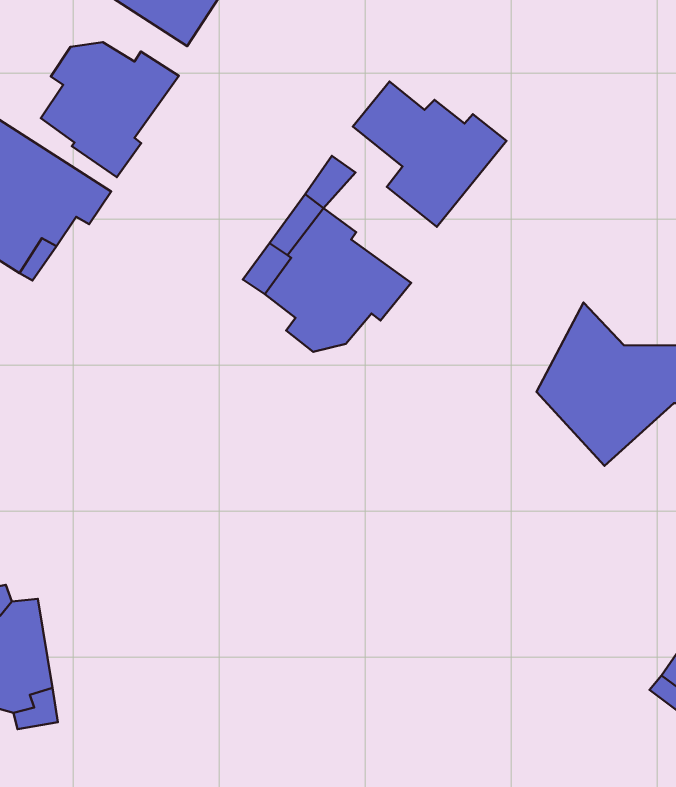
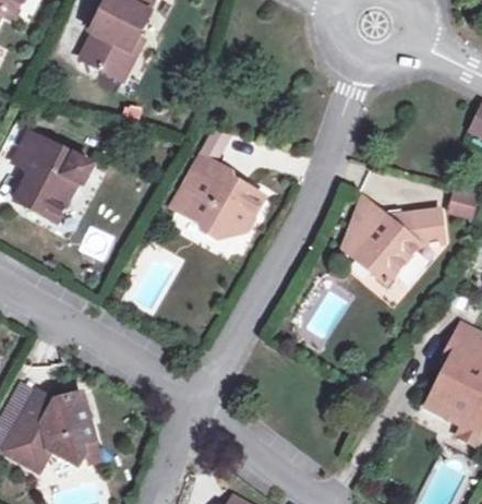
building: [41,42,179,177] -> none
building: [353,82,507,227] -> none

